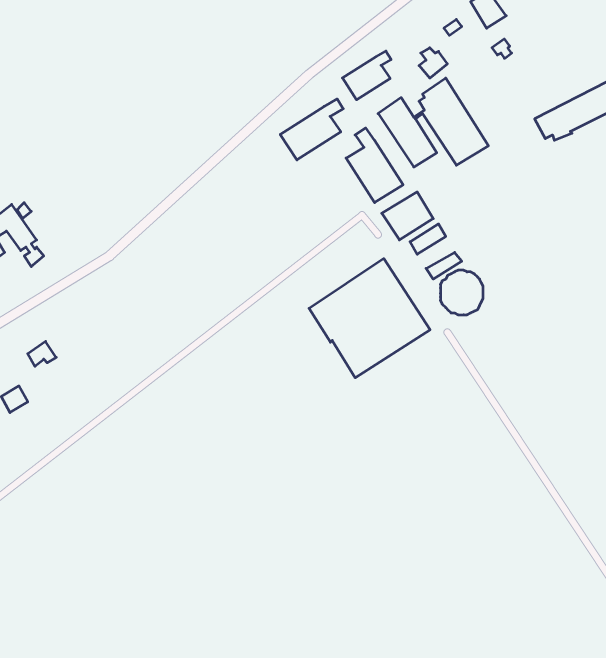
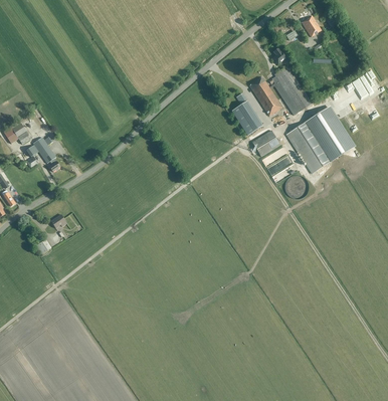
building: [342,51,391,100] -> none
building: [280,99,343,160] -> none
building: [309,259,430,378] -> [286,107,355,174]

